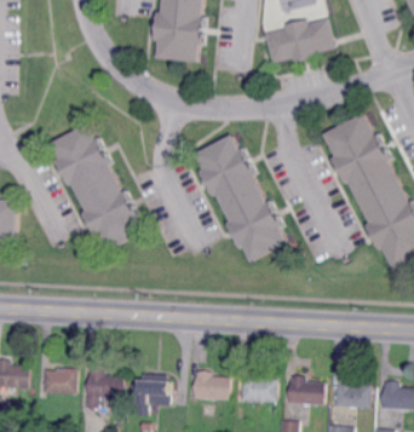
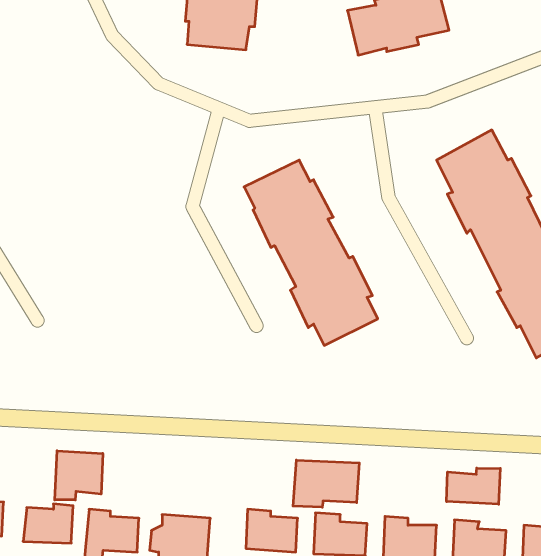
building: [50,123,140,249] -> none
building: none -> [55,451,103,500]
building: none -> [293,460,359,507]
building: none -> [447,468,500,504]

